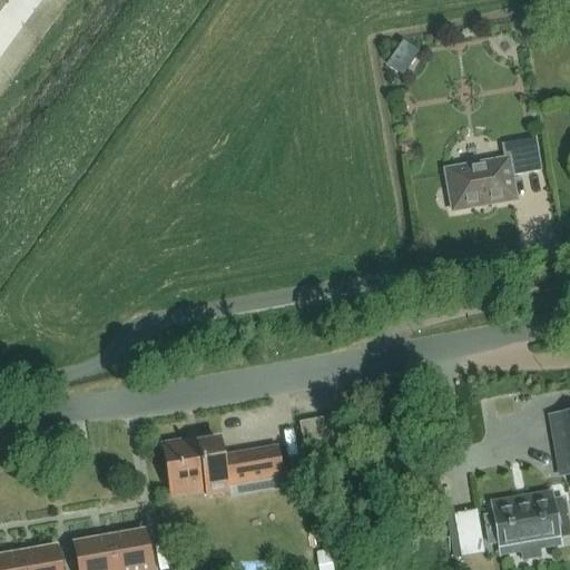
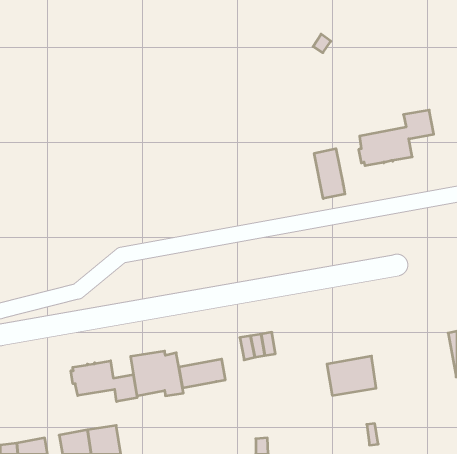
building: none -> [314,149,345,199]
building: none -> [71,361,137,402]
building: [494,497,556,546] -> [327,356,376,395]

